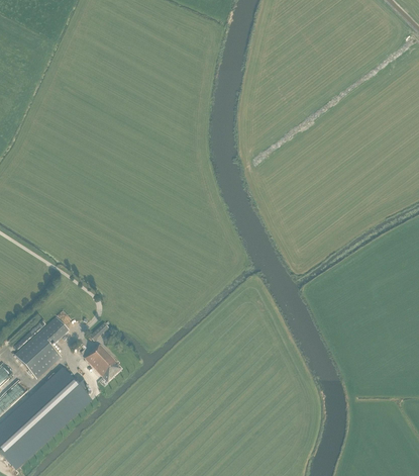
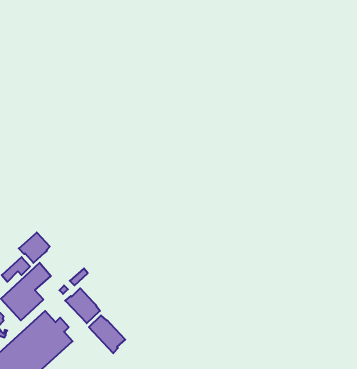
building: none -> [19,232,50,263]
building: none -> [89,315,125,353]

